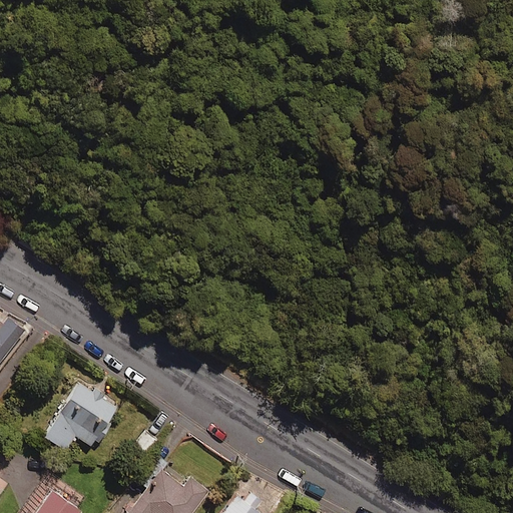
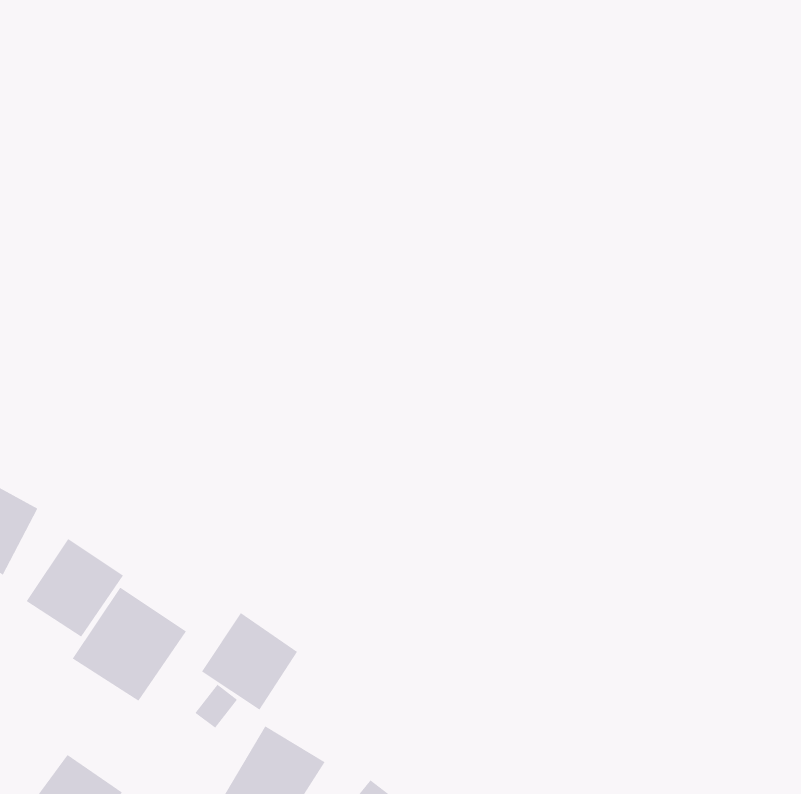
building: none -> [26,538,124,637]
building: none -> [201,612,298,711]

